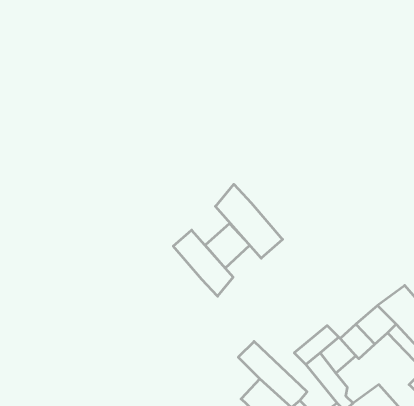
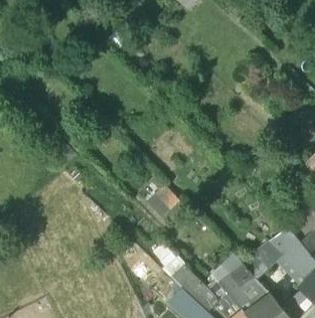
building: [215,184,283,258] -> none
building: [173,230,233,296] -> none

